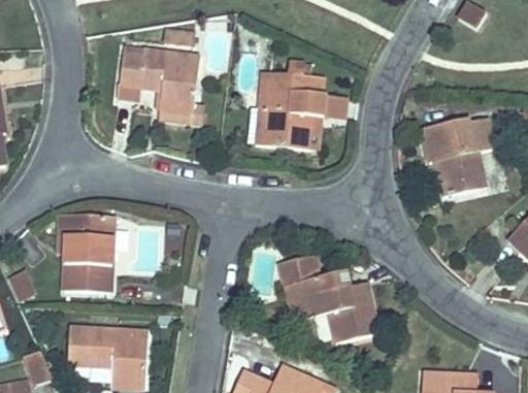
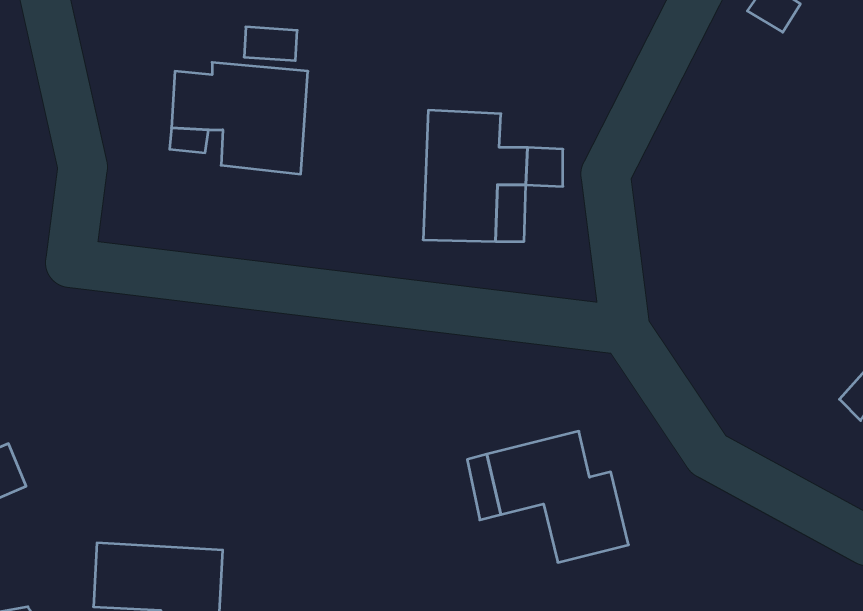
building: [426,118,495,193] -> none
building: [66,216,113,293] -> none

